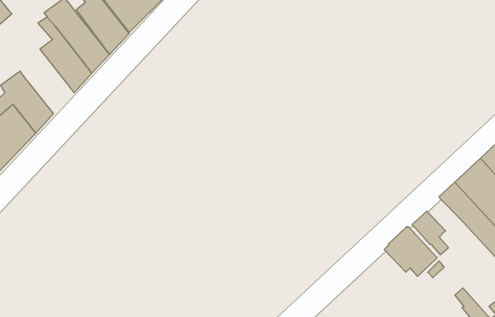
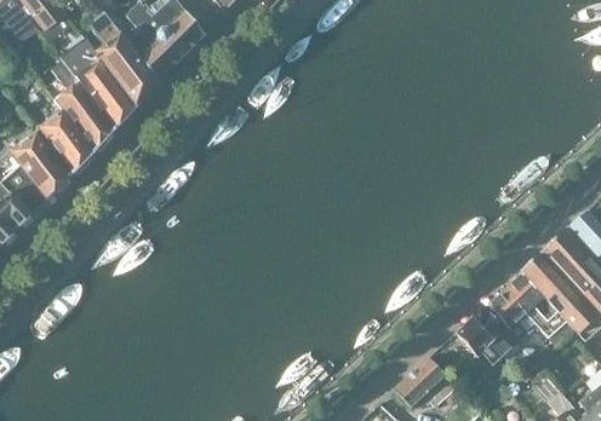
building: none -> [38,100,92,172]
building: none -> [504,275,555,338]
building: none -> [393,357,456,408]

